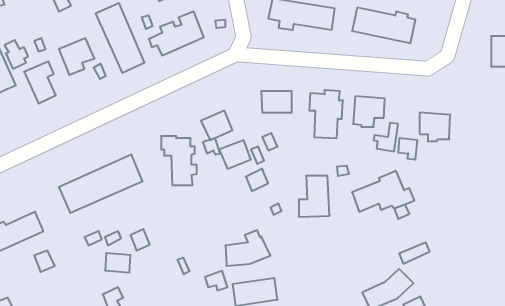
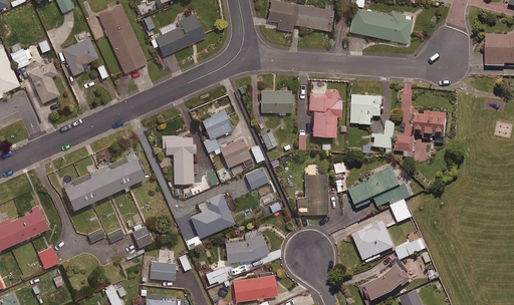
building: none -> [191,194,234,238]
building: none -> [353,223,395,261]
building: [105,253,131,272] -> [151,261,176,280]

